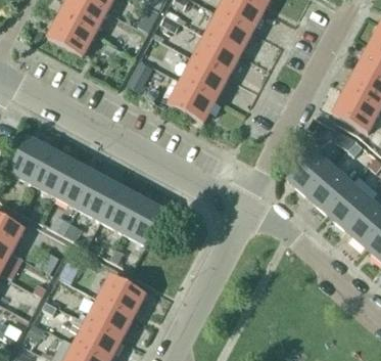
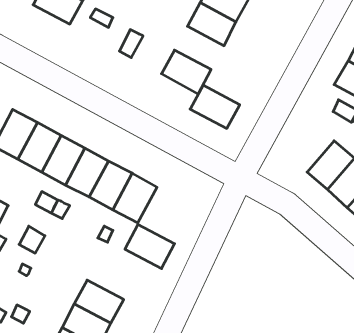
building: [181,57,228,98] -> [190,85,240,128]
building: [286,148,332,195] -> none
building: [98,274,145,316] -> [125,224,175,269]

